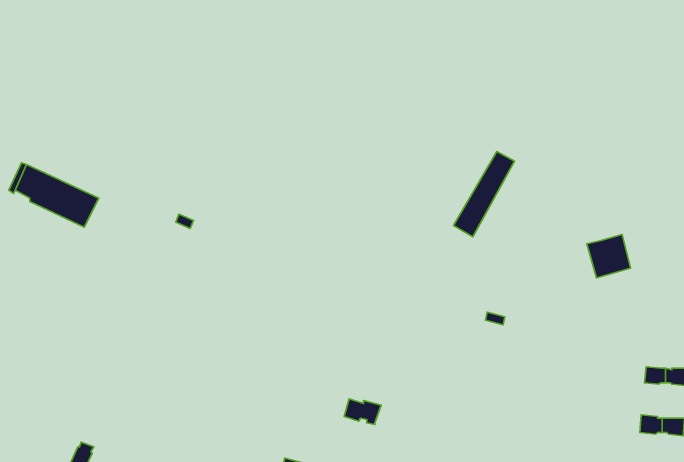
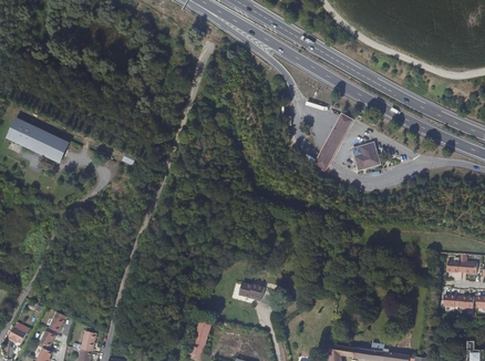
building: [587,234,630,278] -> [351,141,381,171]

